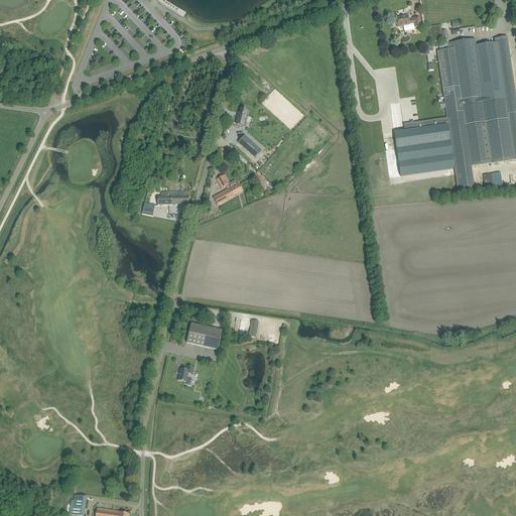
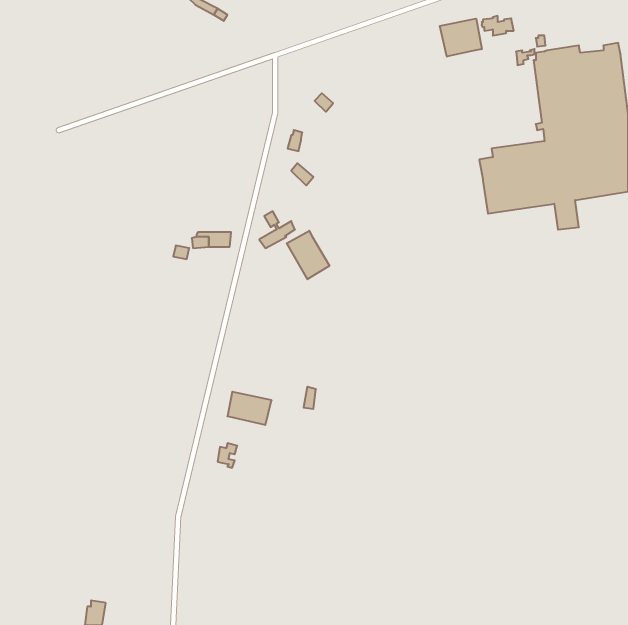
building: none -> [440,19,482,57]
building: none -> [287,231,329,279]

